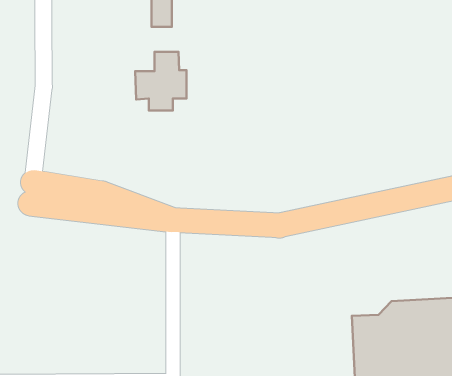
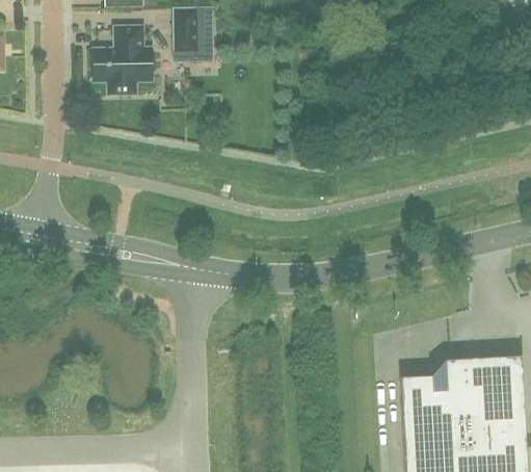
building: [135,52,187,111] -> [95,28,153,95]

